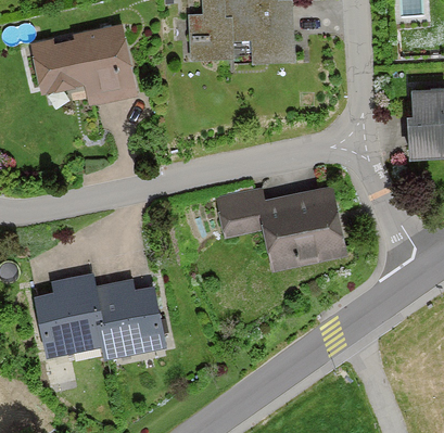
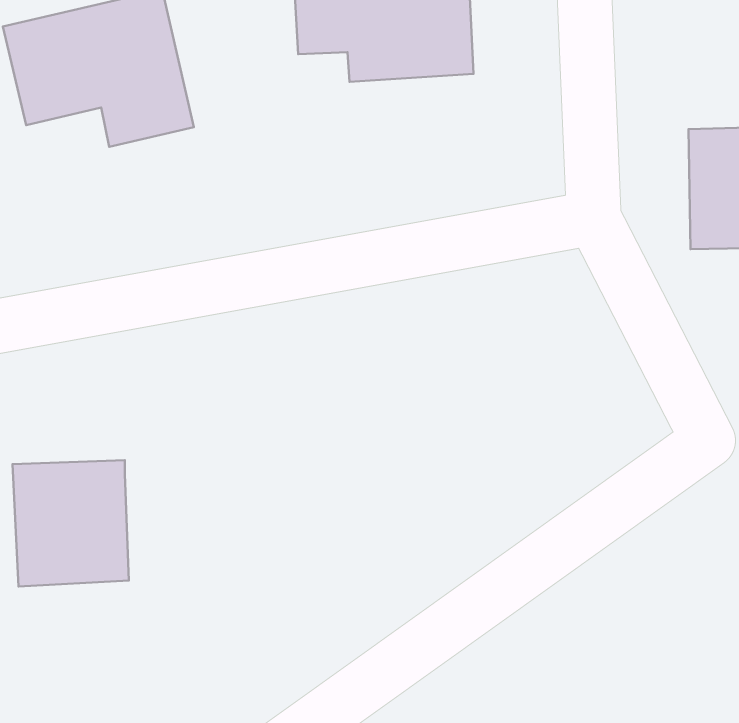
building: [221,191,340,270] -> none
building: [99,282,160,353] -> none

